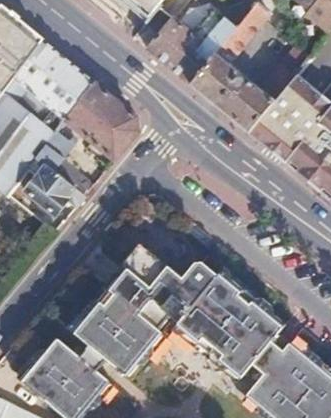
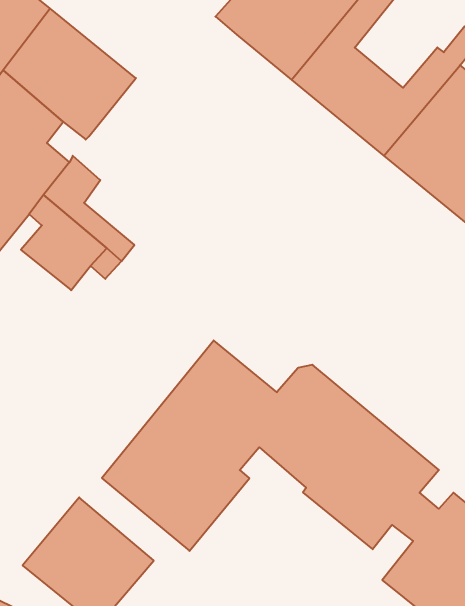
building: [66,83,138,161] -> none

